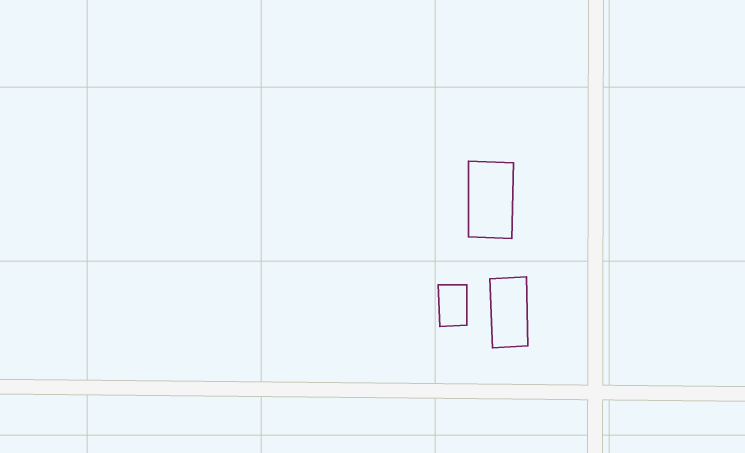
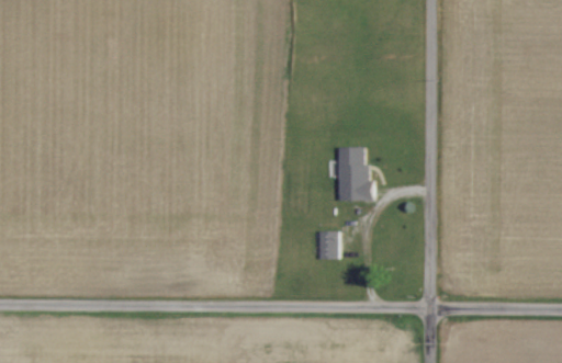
building: [490,277,528,348] -> none

